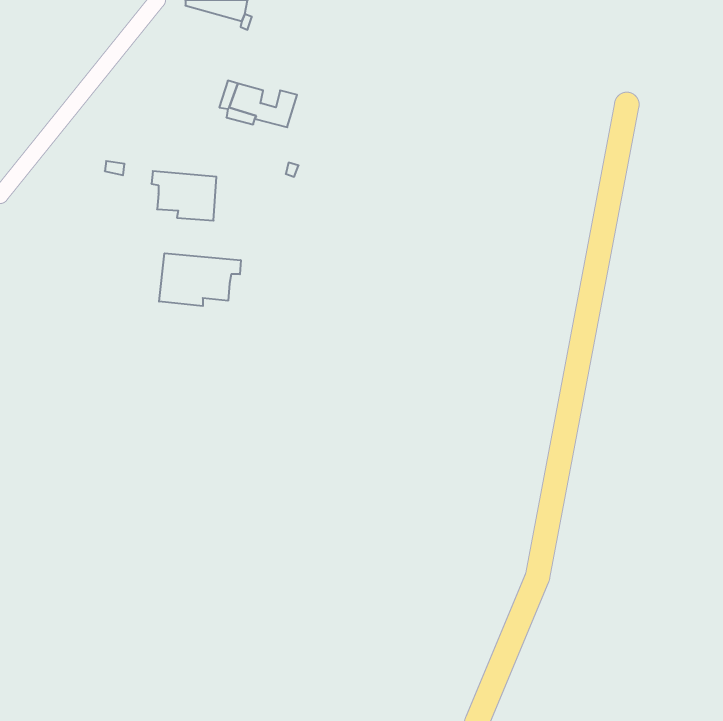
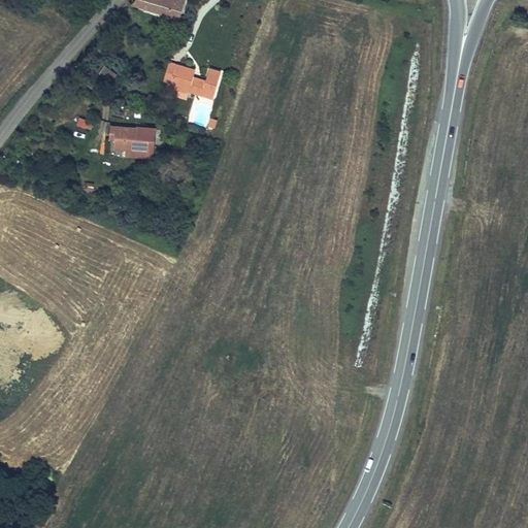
building: [159,253,241,306] -> none

